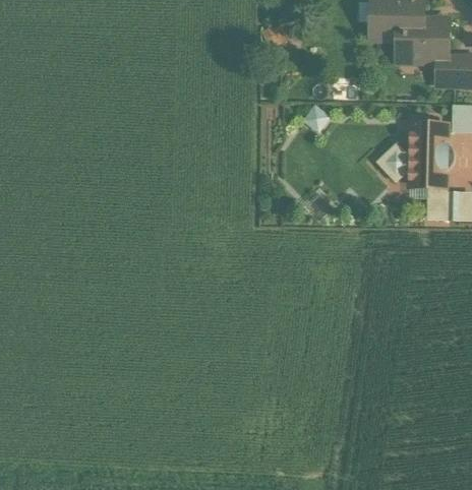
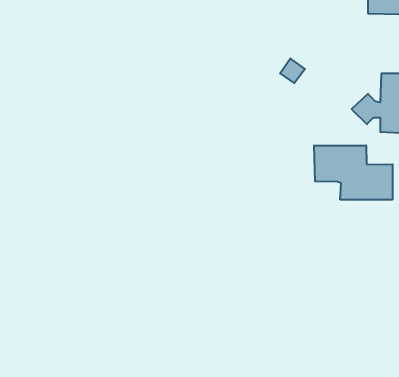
building: none -> [314,145,393,200]

